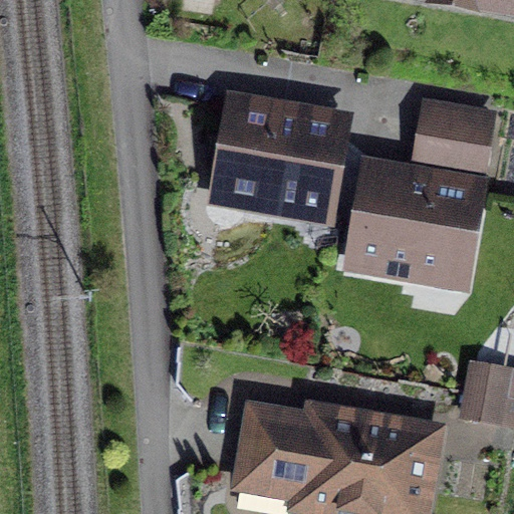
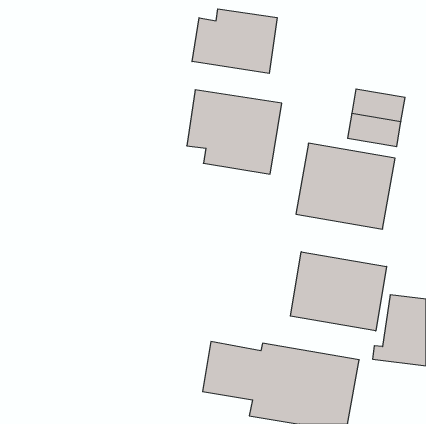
building: none -> [192,9,277,73]
building: none -> [290,252,387,331]

